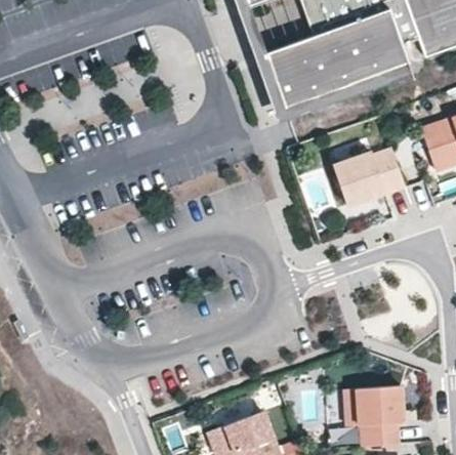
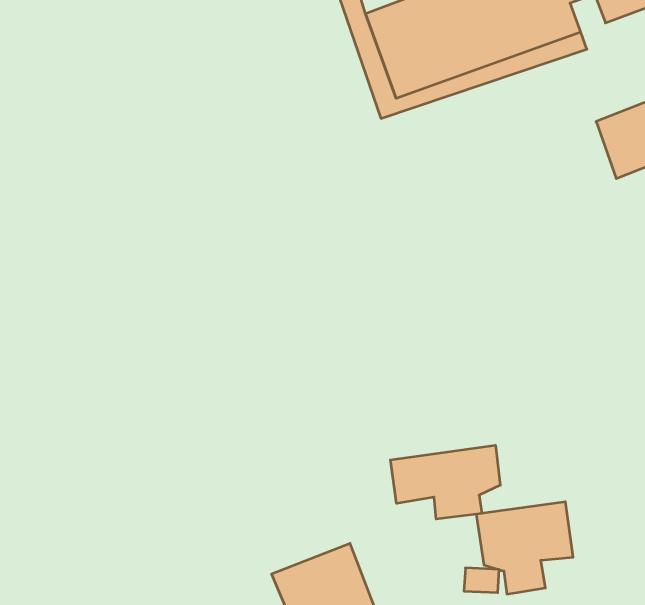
building: [337,146,405,198] -> none
building: none -> [390,445,500,519]

